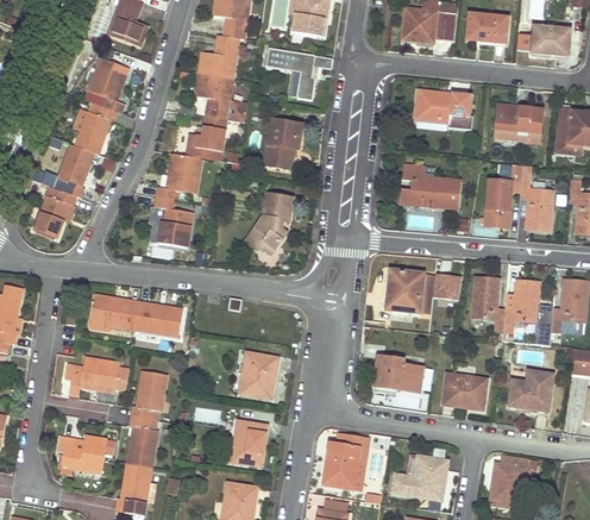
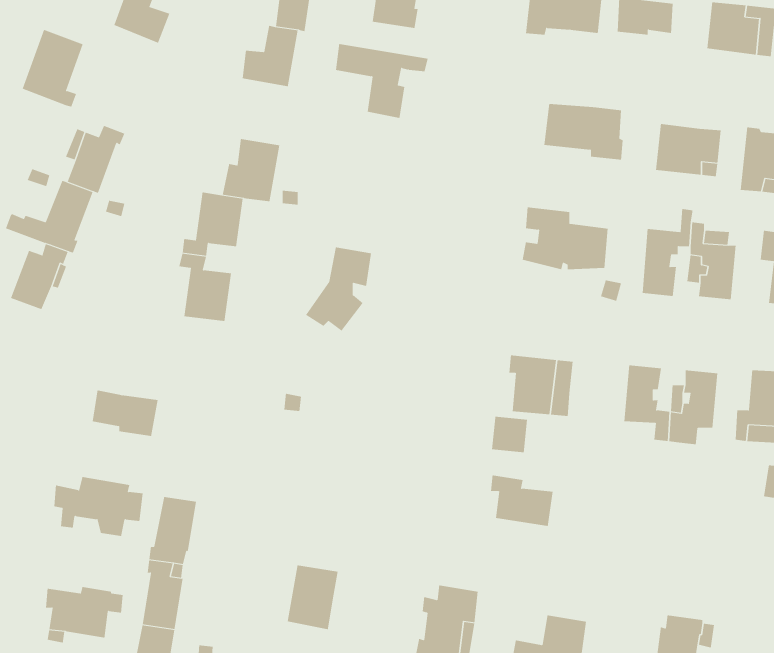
building: [84,56,128,112] -> [22,29,83,107]
building: [194,71,247,121] -> none
building: [262,118,301,169] -> none
building: [433,272,459,299] -> [491,416,528,453]
building: [134,301,182,331] -> none
building: [239,351,277,397] -> none
building: [508,370,552,411] -> none
building: [441,372,487,409] -> none

